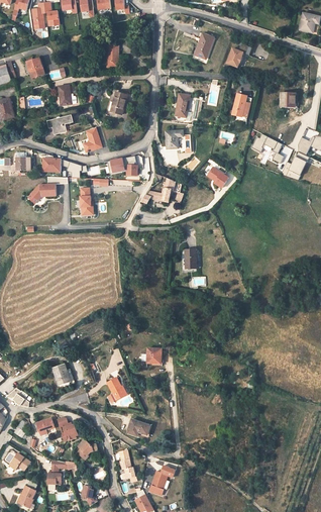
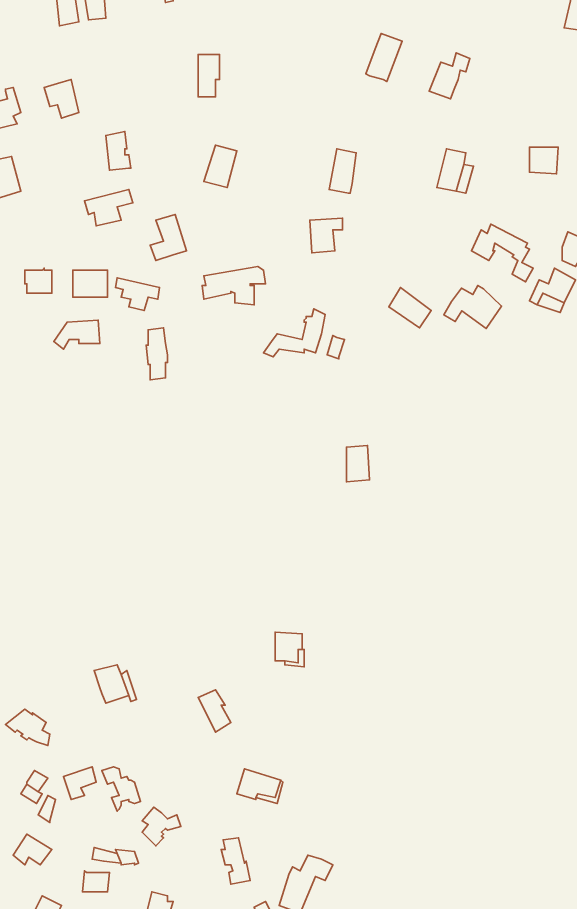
building: none -> [444,285,501,329]

